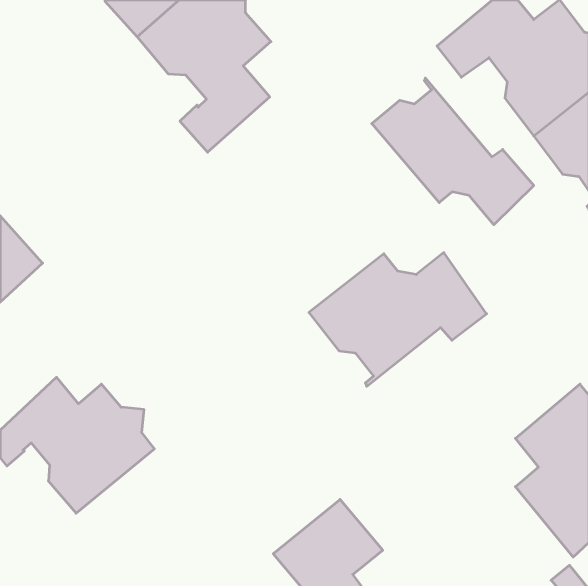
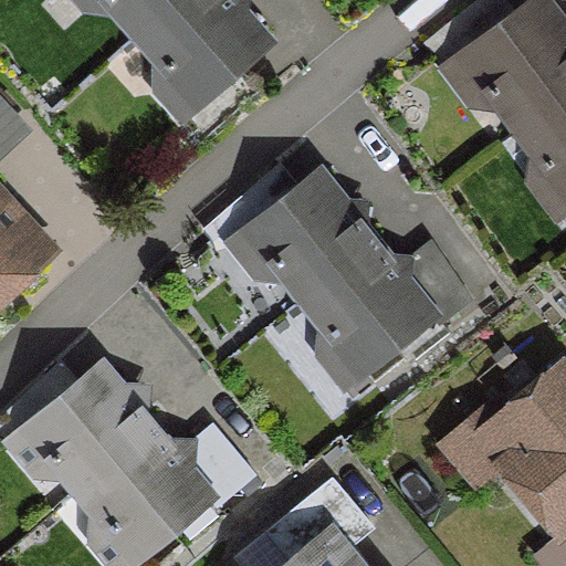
building: [372,78,534,225] -> none
building: none -> [207,169,369,303]
building: none -> [74,429,251,553]

